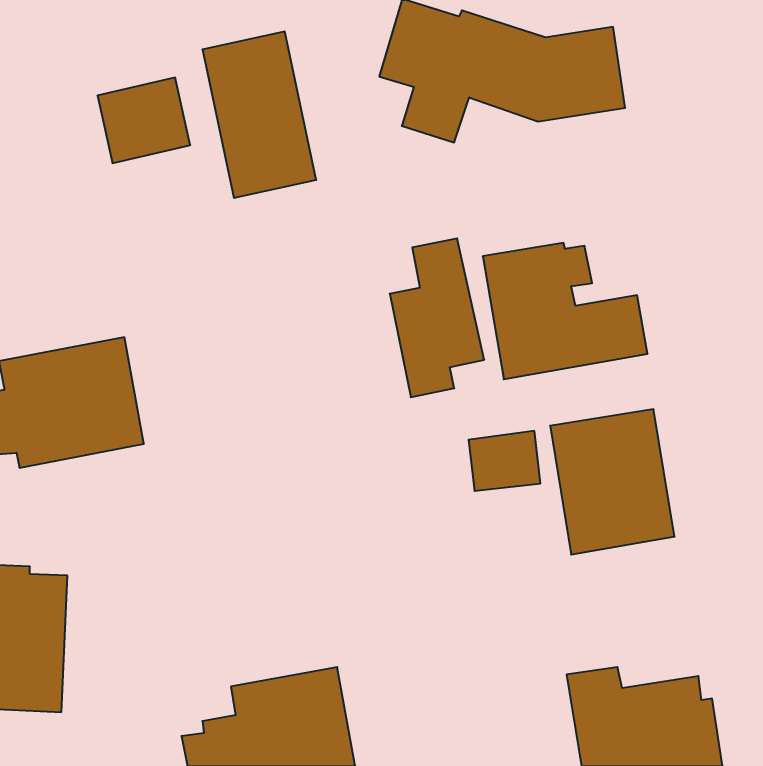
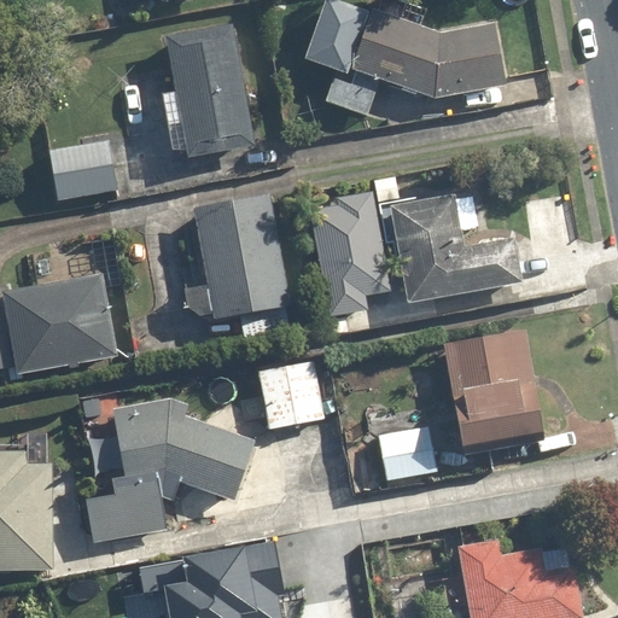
building: [97,78,190,163] -> [45,138,119,206]
building: none -> [182,191,290,320]
building: [468,431,540,491] -> [377,432,435,480]
building: none -> [256,361,321,430]
building: none -> [86,396,255,541]

